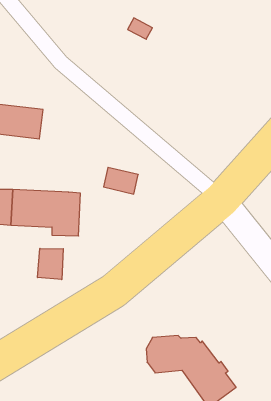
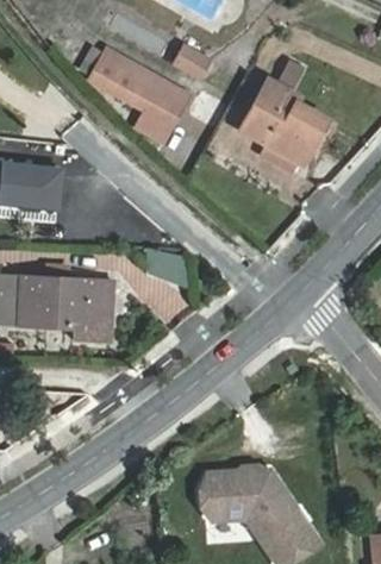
building: none -> [89,49,188,134]
building: none -> [241,80,326,173]
building: [38,248,63,280] -> none

